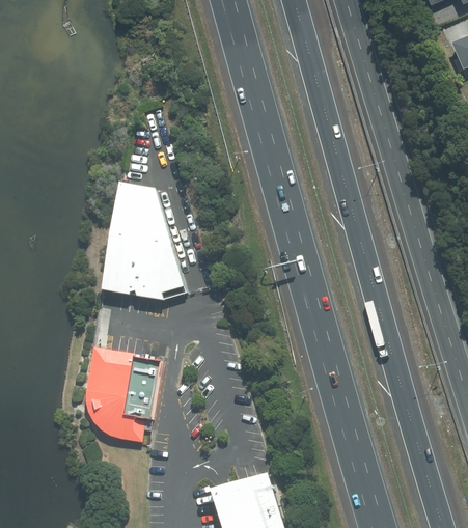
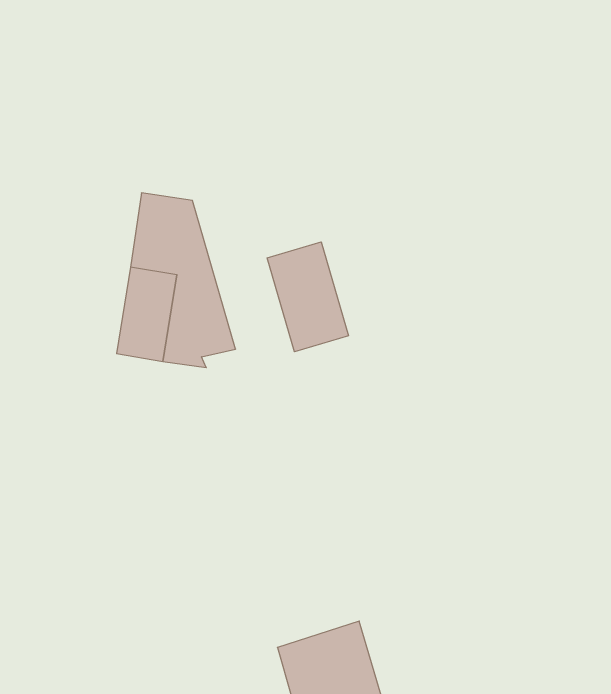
building: none -> [267,242,349,352]
building: [85,346,158,441] -> none

